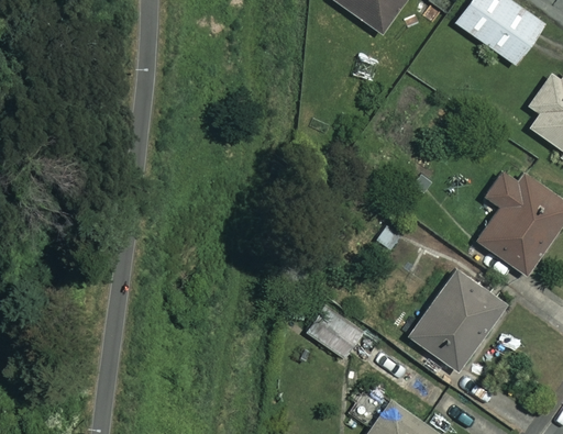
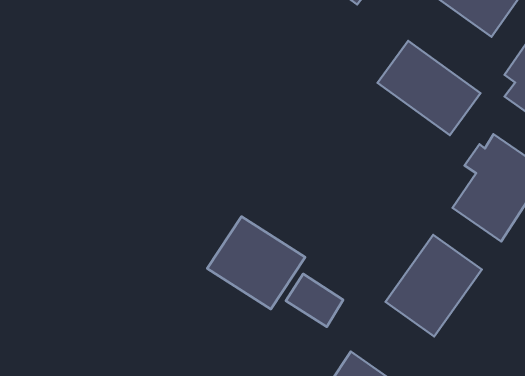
building: none -> [378,41,480,135]
building: none -> [207,217,305,309]

